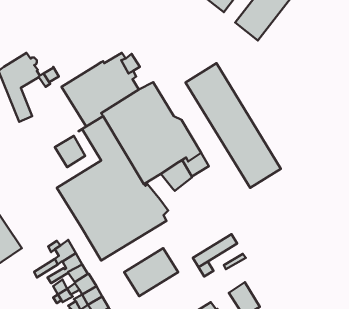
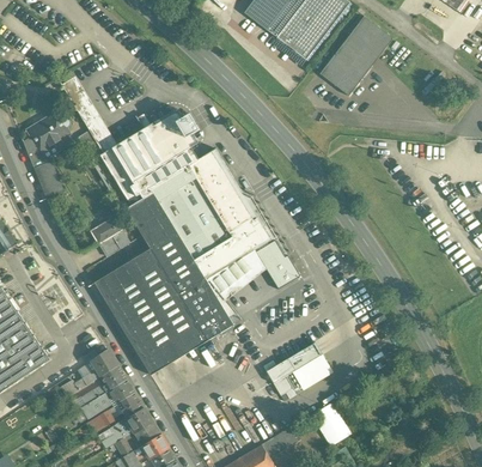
building: [186,63,281,188] -> none
building: none -> [264,255,299,290]
building: none -> [203,265,240,297]
building: [124,248,178,296] -> none

